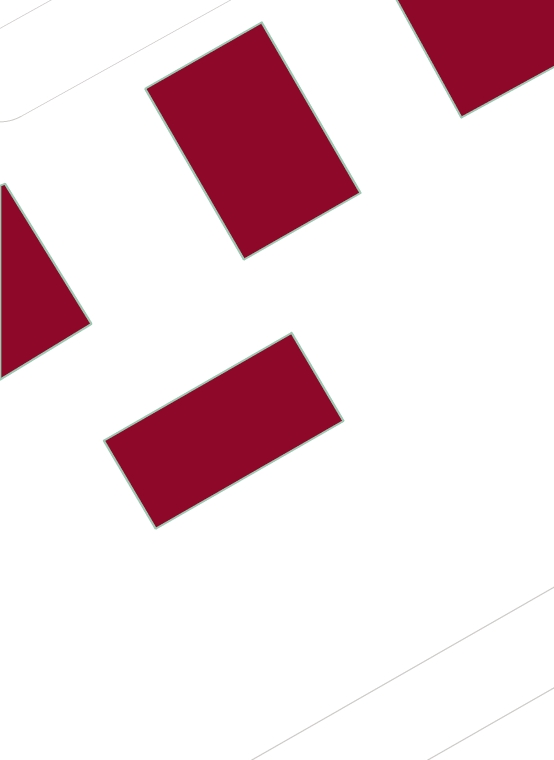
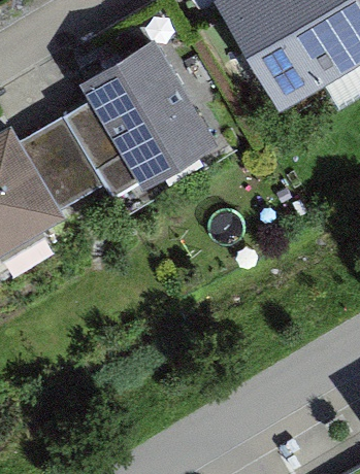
building: none -> [28,102,129,205]
building: [104,333,343,529] -> none

